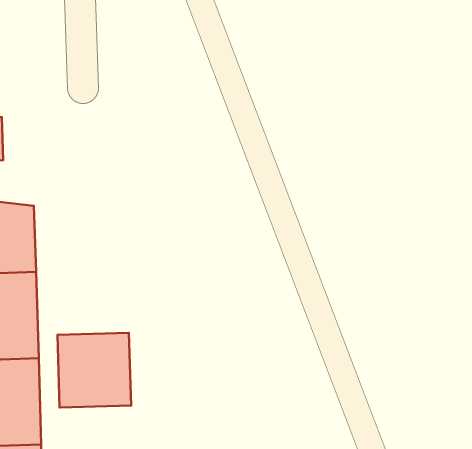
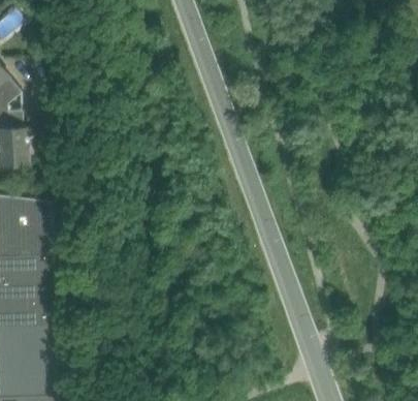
building: [57,333,131,407] -> none

